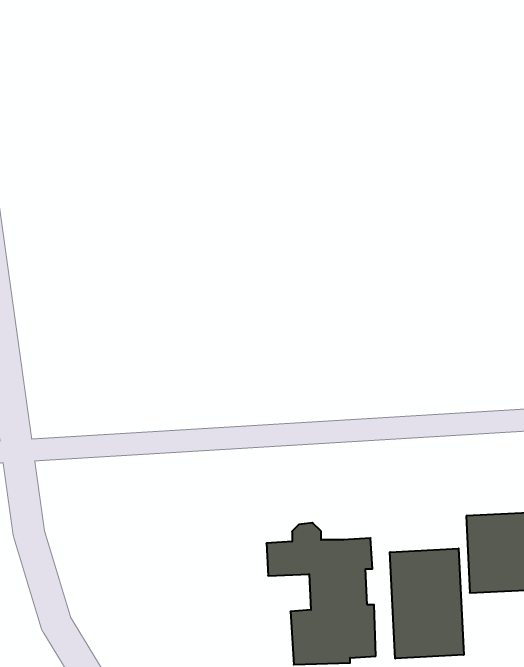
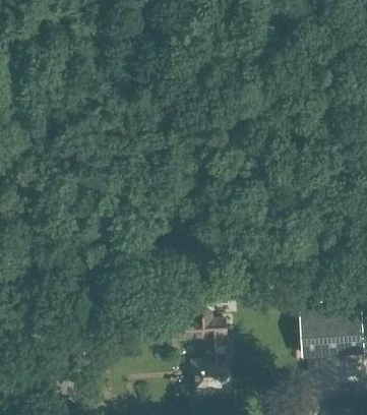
building: [390,548,464,659] -> none

